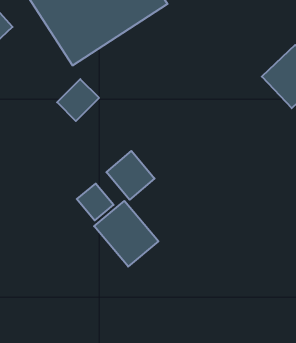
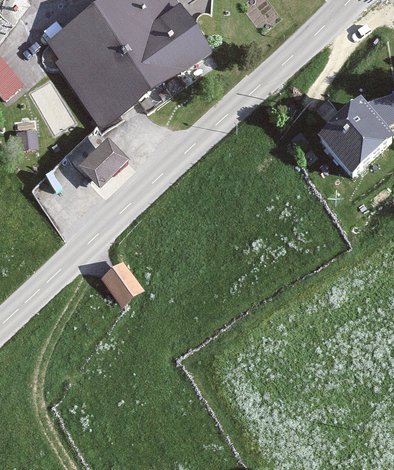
building: [106,151,155,200] -> none
building: [94,201,158,267] -> none

